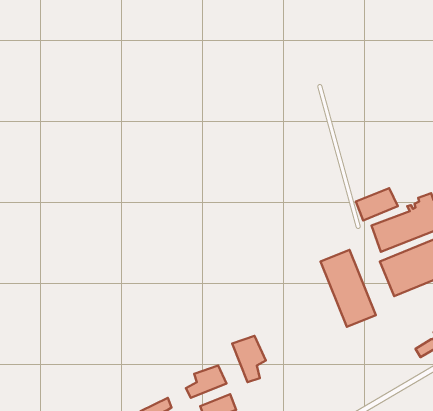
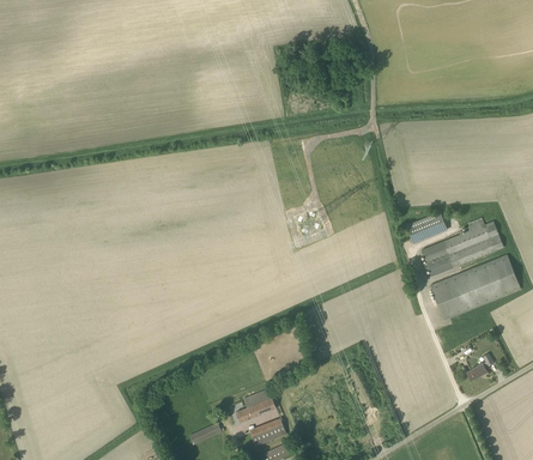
building: [320,250,376,327] -> none
building: [232,336,266,382] -> none

